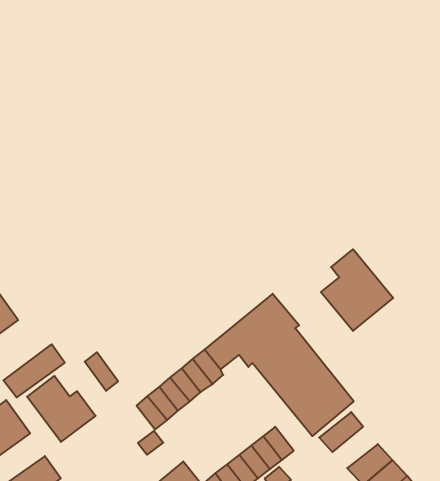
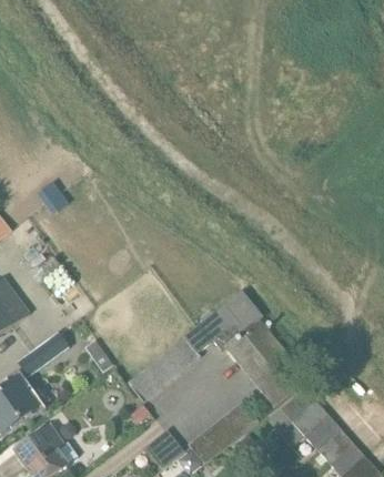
building: [321,249,393,331] -> none
building: [27,376,96,442] -> none
building: none -> [292,400,330,435]

